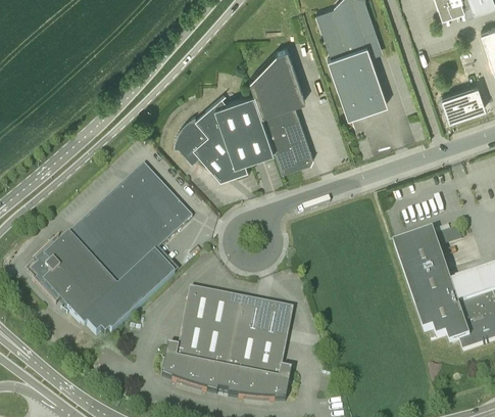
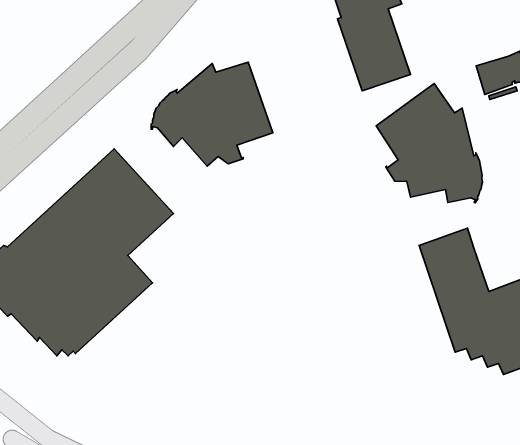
building: [249,46,313,171] -> none
building: none -> [376,83,482,203]
building: [161,287,293,399] -> none

